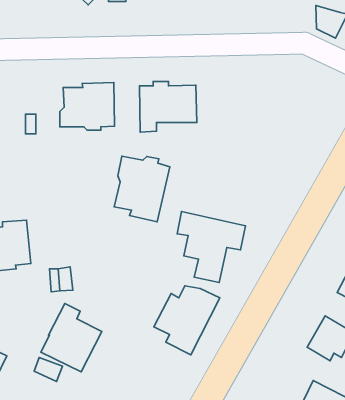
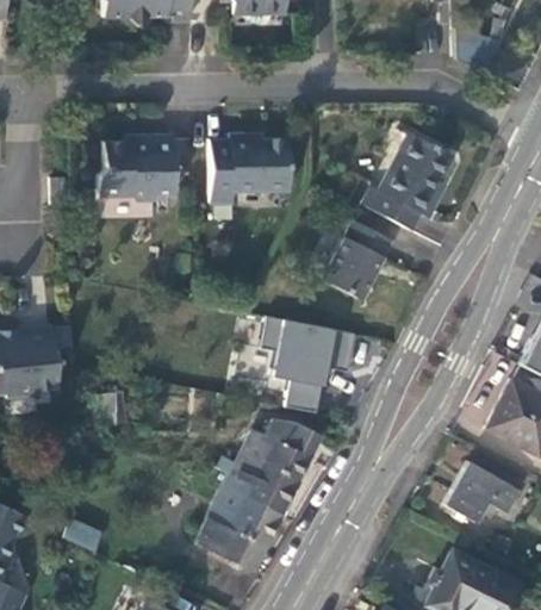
building: none -> [363,131,454,229]
building: none -> [324,219,392,299]
building: [114,156,170,222] -> none
building: [41,303,102,372] -> [197,474,281,569]

